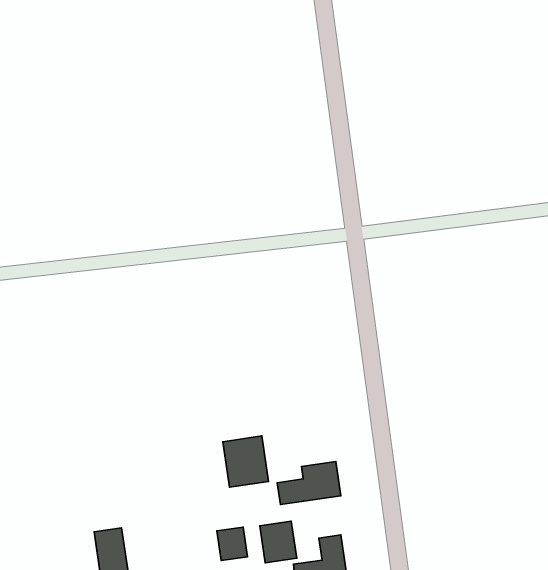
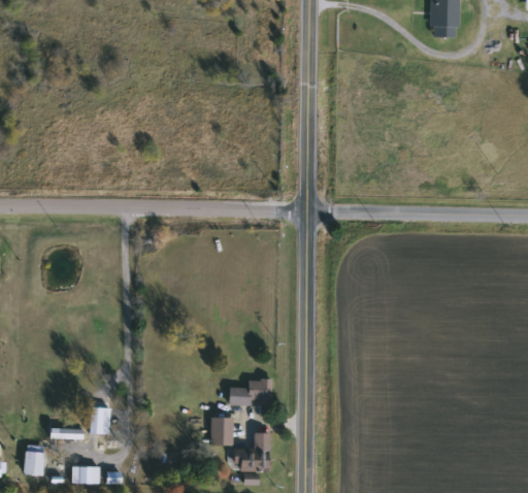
building: [223,436,269,487] -> none
building: [217,527,247,561] -> none

